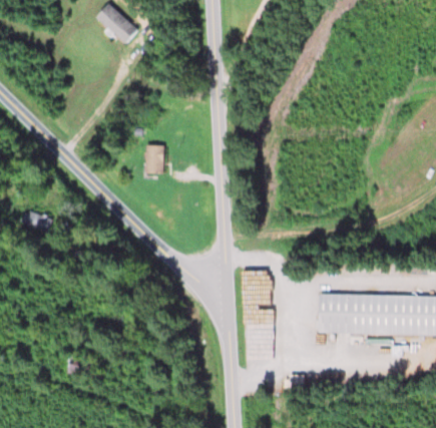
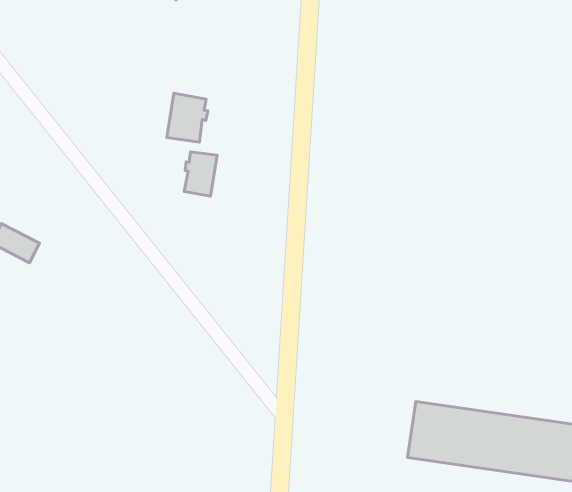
building: none -> [167,93,208,142]

